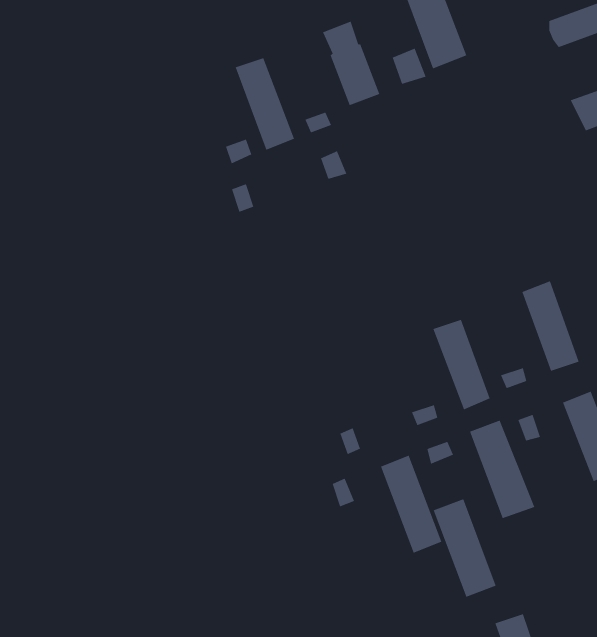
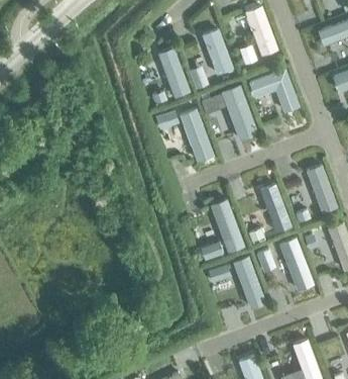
building: none -> [249,69,299,111]
building: none -> [222,86,257,139]
building: none -> [180,110,214,163]
building: [433,499,497,597] -> [211,200,244,252]

